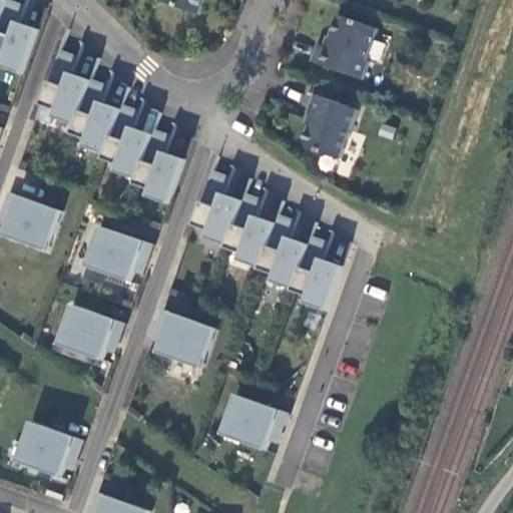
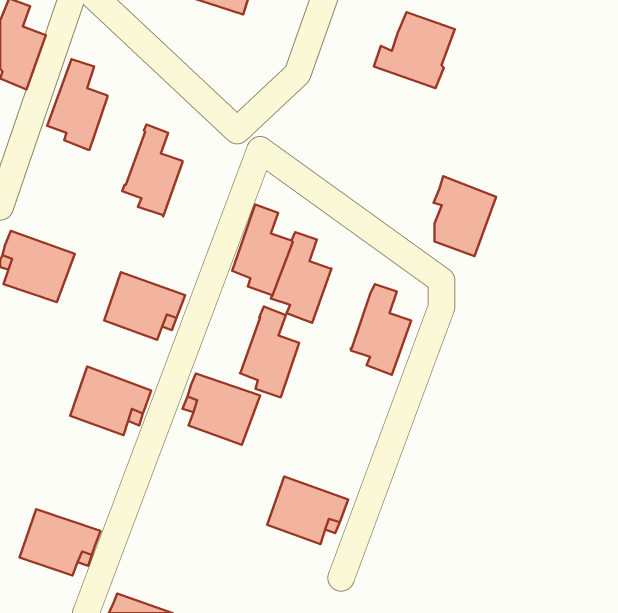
building: [70,78,120,153] -> none
building: [305,87,357,153] -> [433,176,496,256]
building: [133,128,183,203] -> none
building: [258,213,307,289] -> [240,307,299,397]

